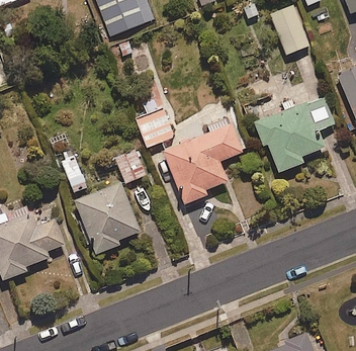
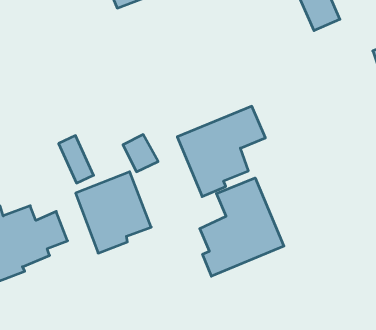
building: [254,95,334,172] -> none
building: [135,97,174,147] -> none
building: none -> [200,178,284,276]

